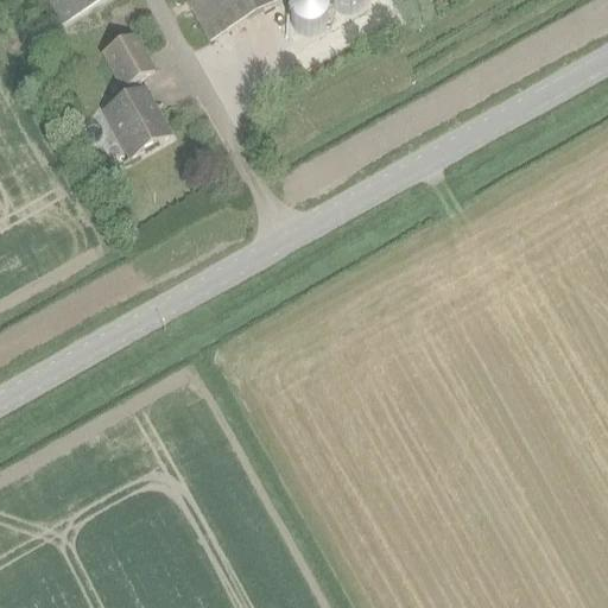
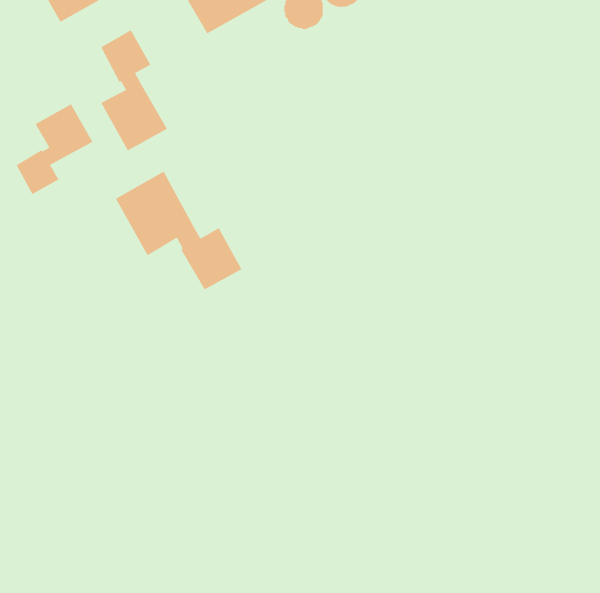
building: none -> [16,103,93,195]
building: none -> [115,171,242,290]

